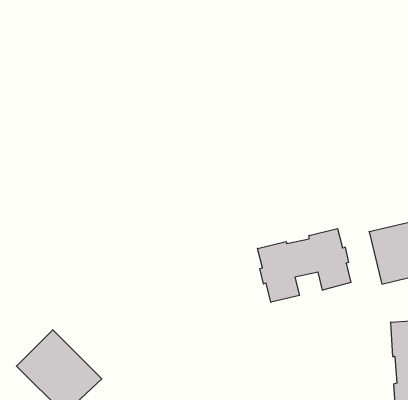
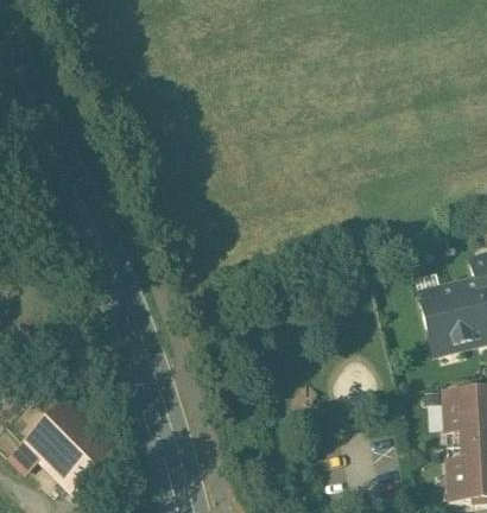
building: [258,229,351,302] -> none

